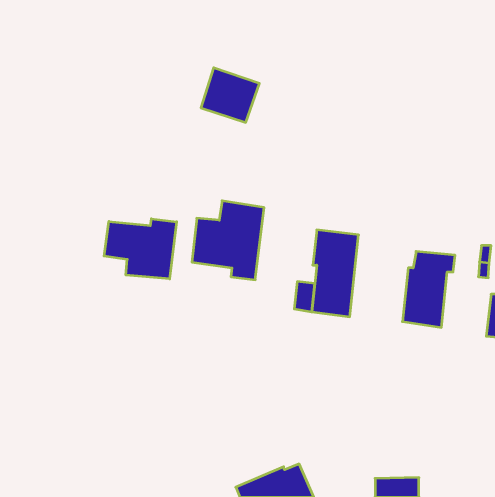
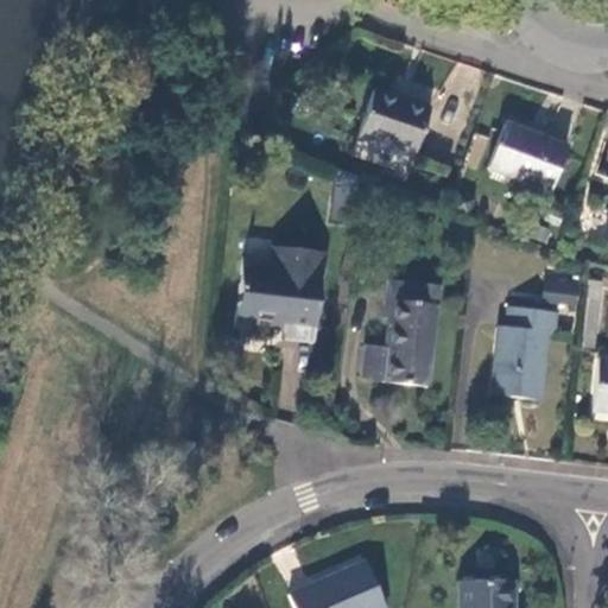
building: [201,68,259,122] -> [360,89,431,156]
building: none -> [490,124,569,192]
building: [104,219,177,279] -> none

